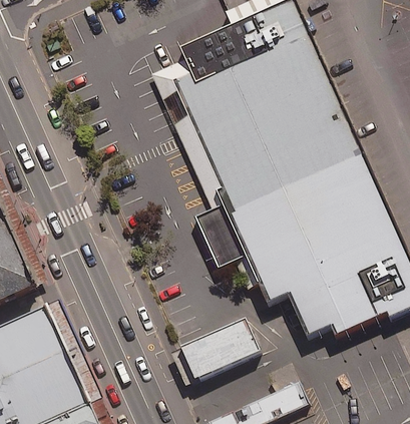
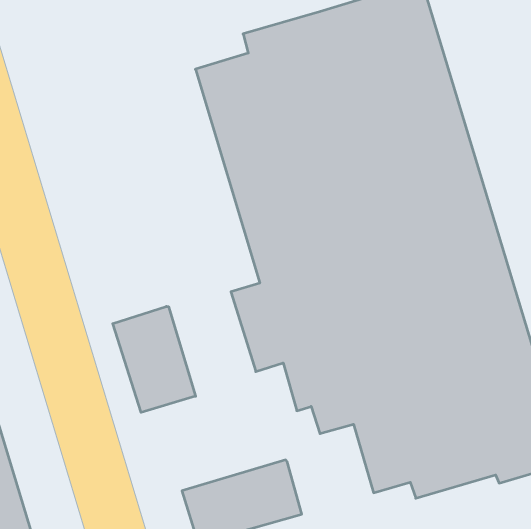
building: none -> [113,306,196,412]

